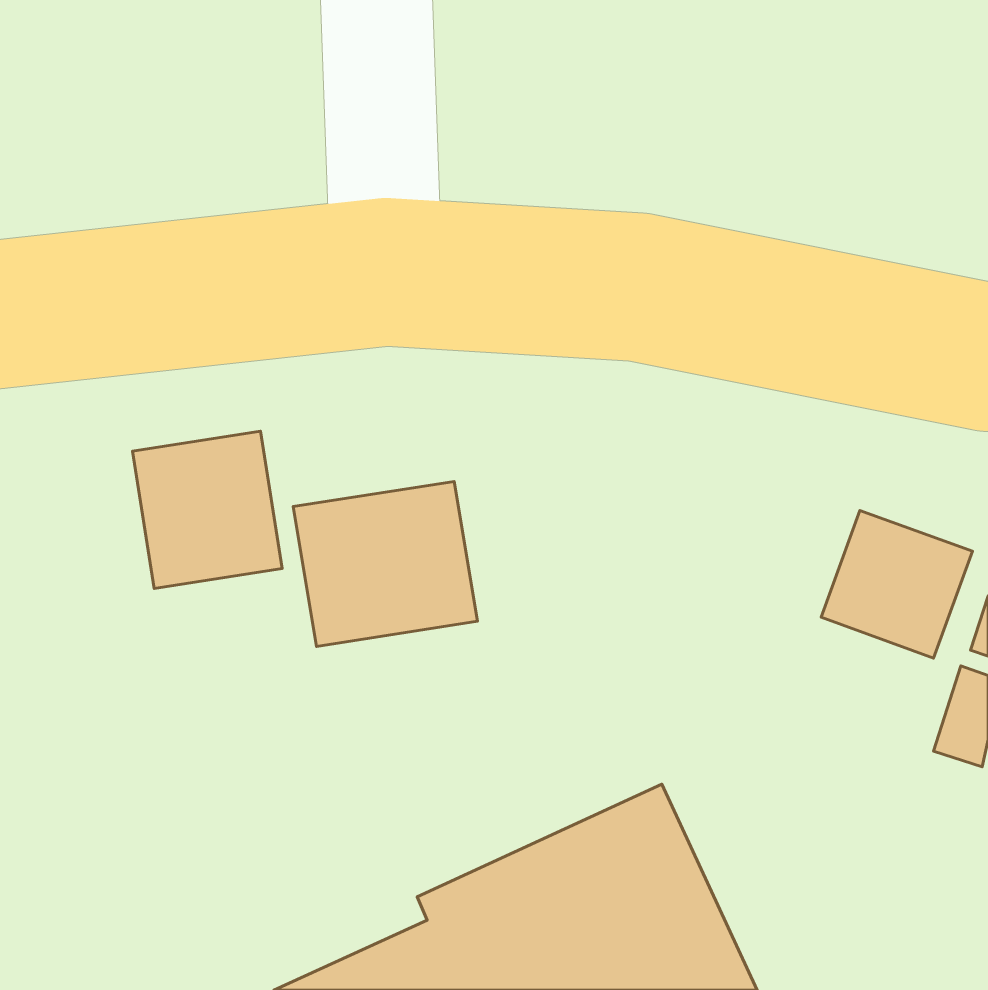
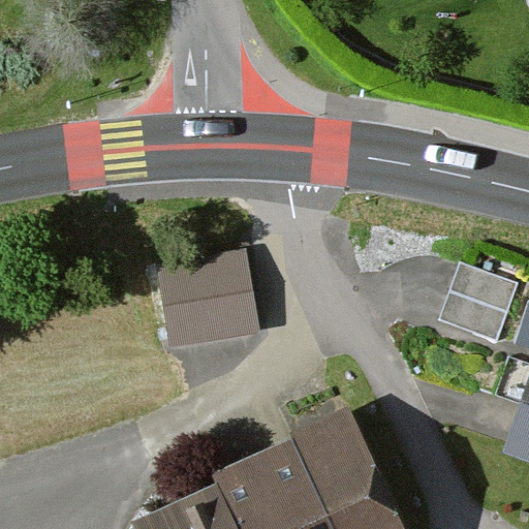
building: [133,431,282,588] -> none

